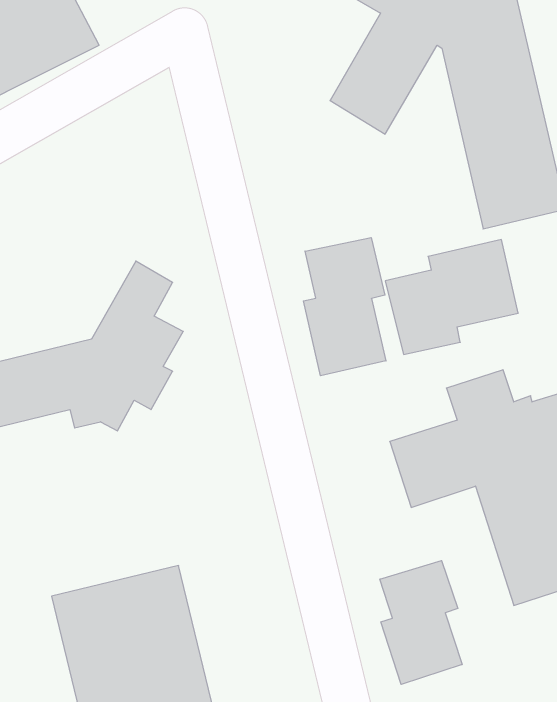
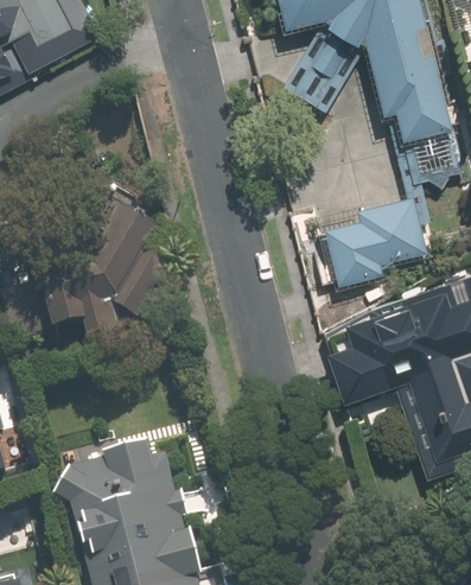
building: [303,238,386,376] -> none
building: [380,561,462,684] -> none

